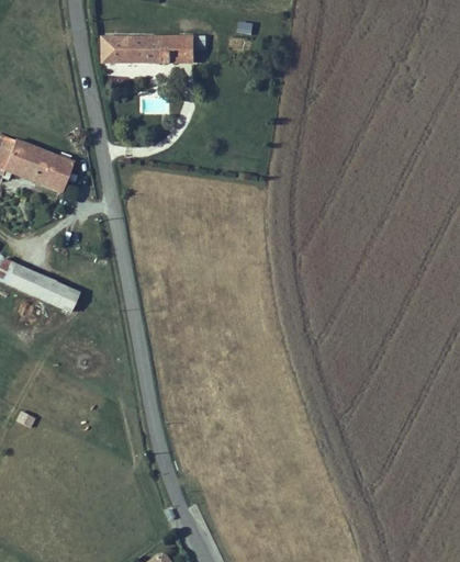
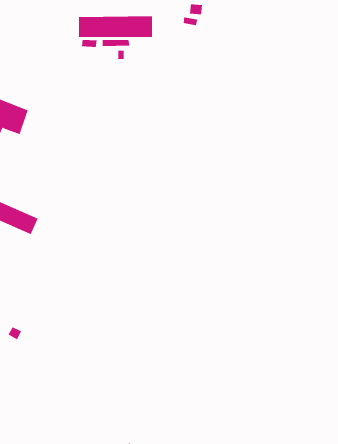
building: [32,149,72,190] -> none
building: [45,280,78,311] -> none

